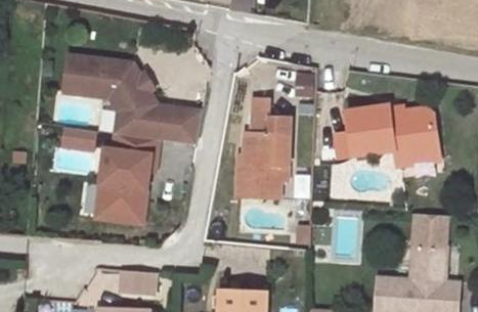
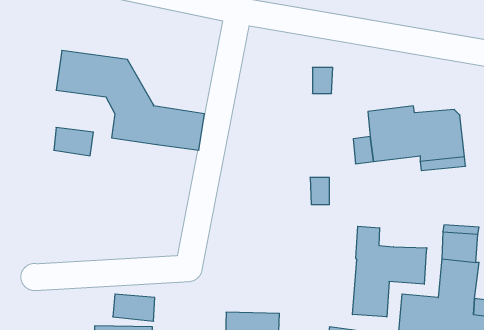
building: [234,97,287,196] -> none
building: [95,134,157,223] -> none
building: none -> [353,226,427,317]

